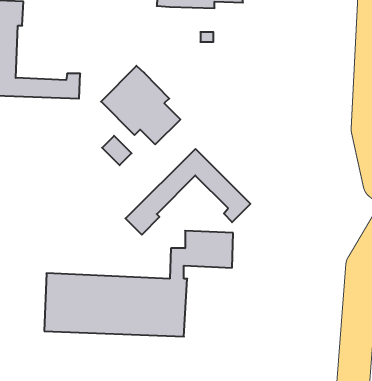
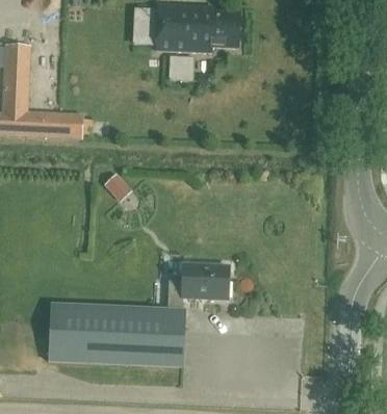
building: [101,66,180,144] -> none
building: [125,149,250,235] -> none

